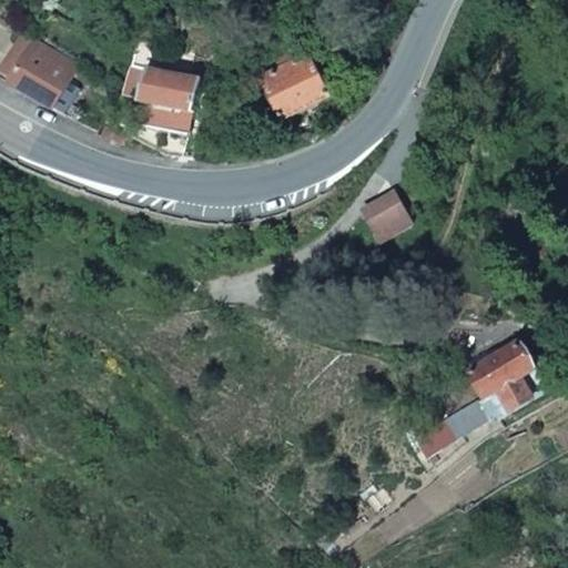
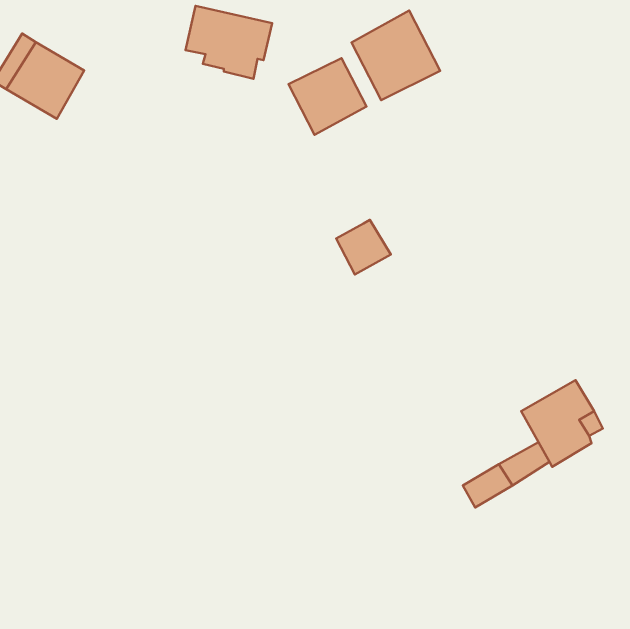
building: none -> [351,10,440,100]
building: [120,62,197,128] -> [186,6,272,79]
building: [364,192,413,241] -> [336,220,391,274]

